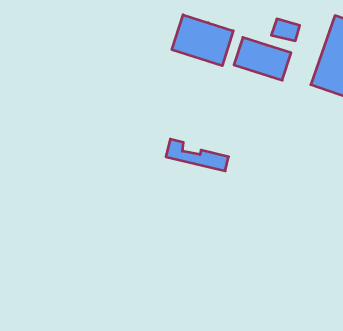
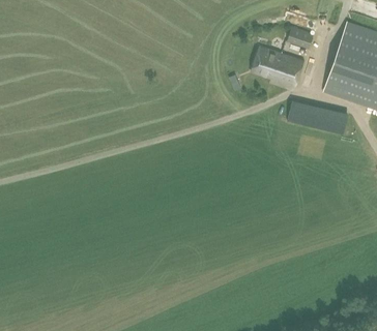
building: [172,15,233,66] -> none
building: [166,139,229,171] -> [290,106,349,136]

